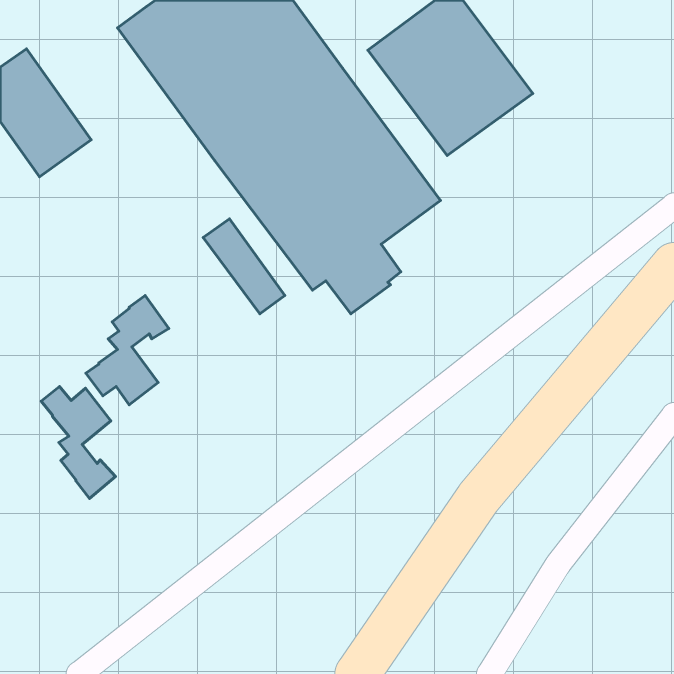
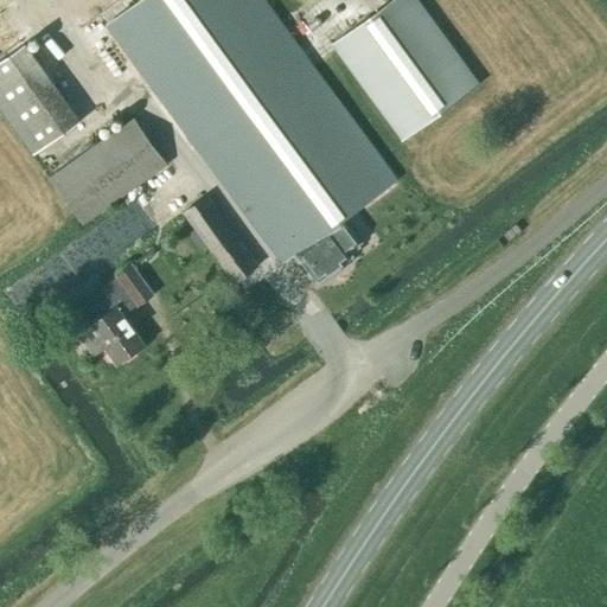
building: none -> [50,119,165,224]
building: [41,387,115,498] -> none

